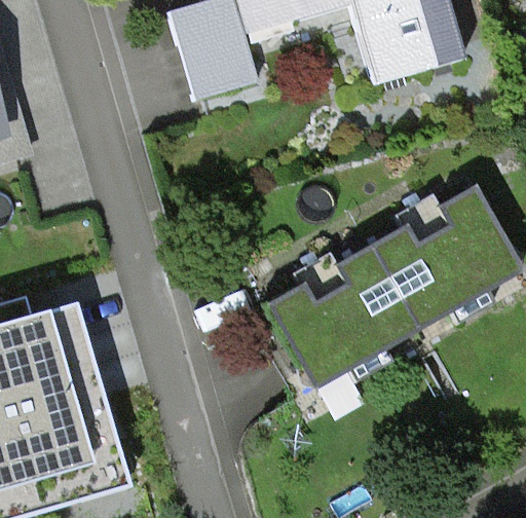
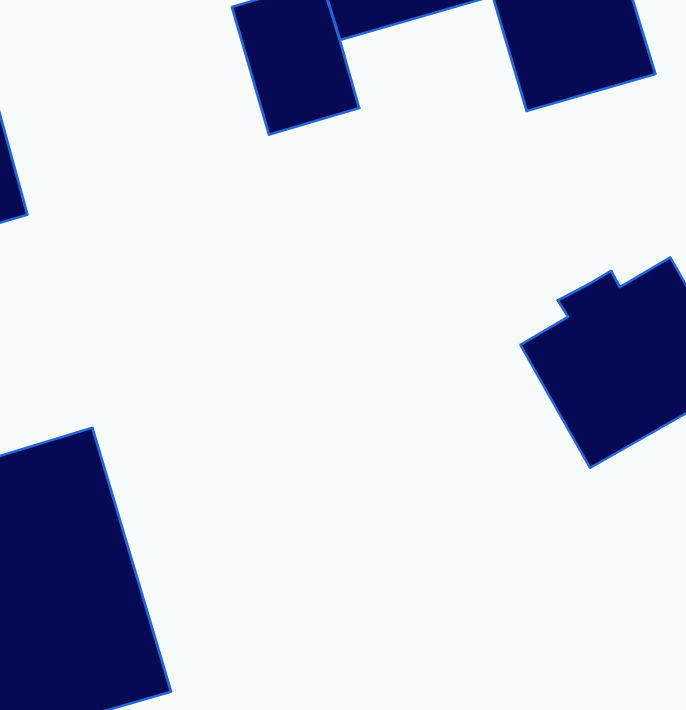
building: [264,246,417,370] -> none

